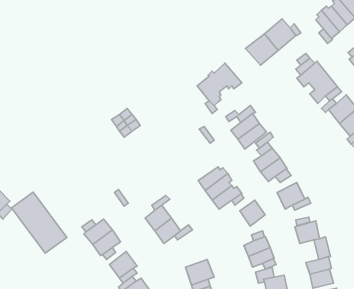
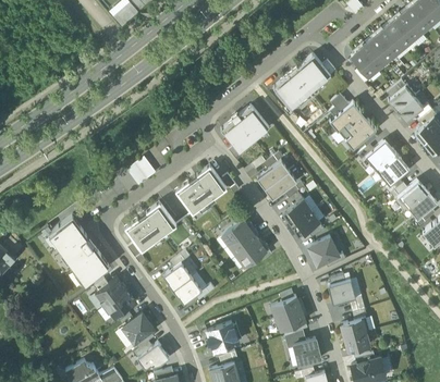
building: none -> [175,165,228,214]
building: none -> [125,202,178,251]
building: [11,192,67,253] -> [49,218,110,285]
building: [240,200,265,226] -> none

